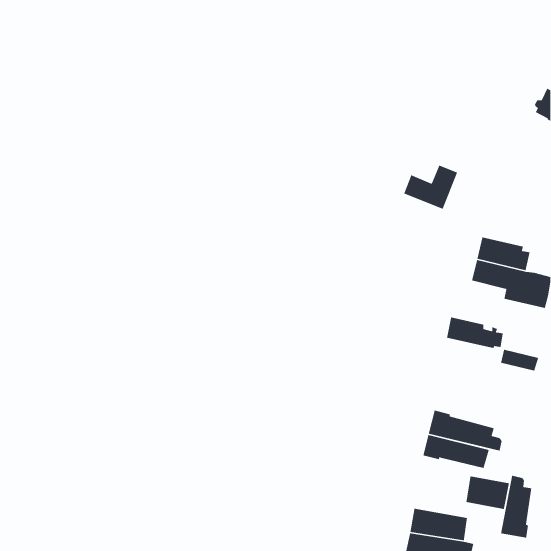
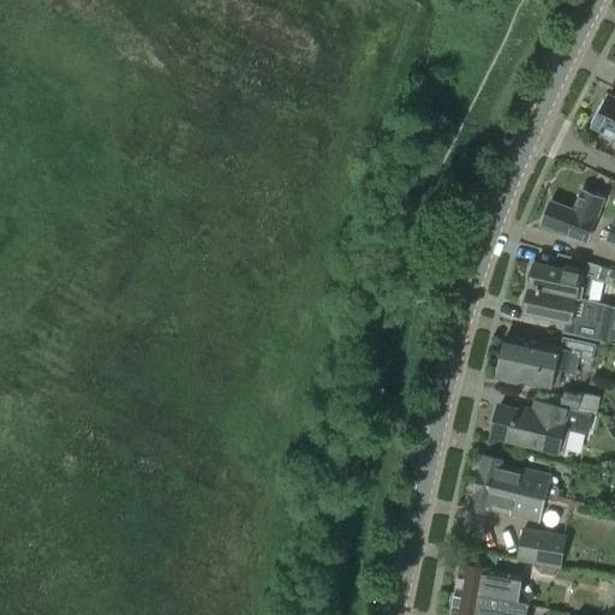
building: [403,165,458,210] -> [542,191,603,241]
building: none -> [501,338,595,376]
building: none -> [490,401,591,454]
building: [500,475,532,538] -> none

